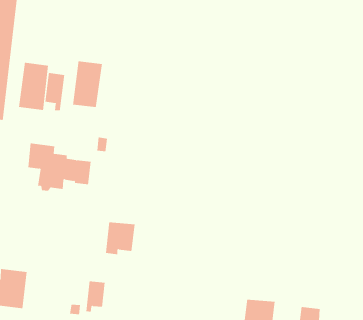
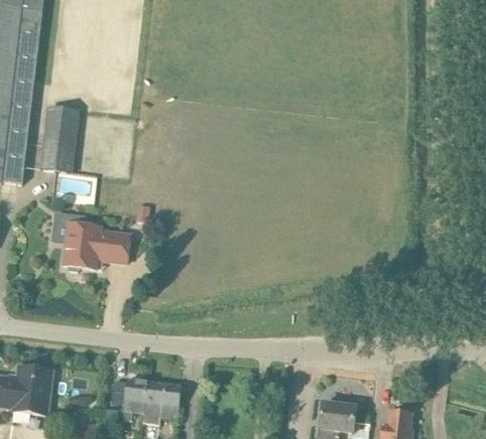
building: [73,61,102,108] -> none
building: [45,72,65,111] -> none
building: [105,222,136,255] -> [142,382,179,422]

